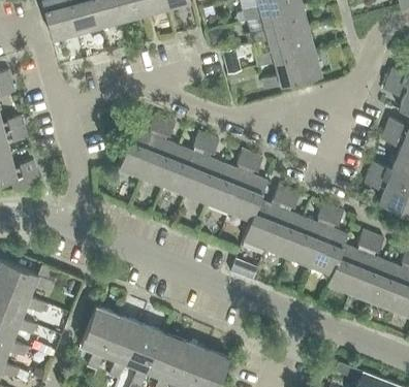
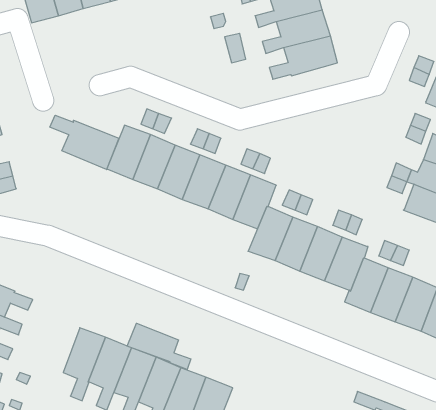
building: none -> [50,115,119,170]
building: none -> [127,323,191,370]

